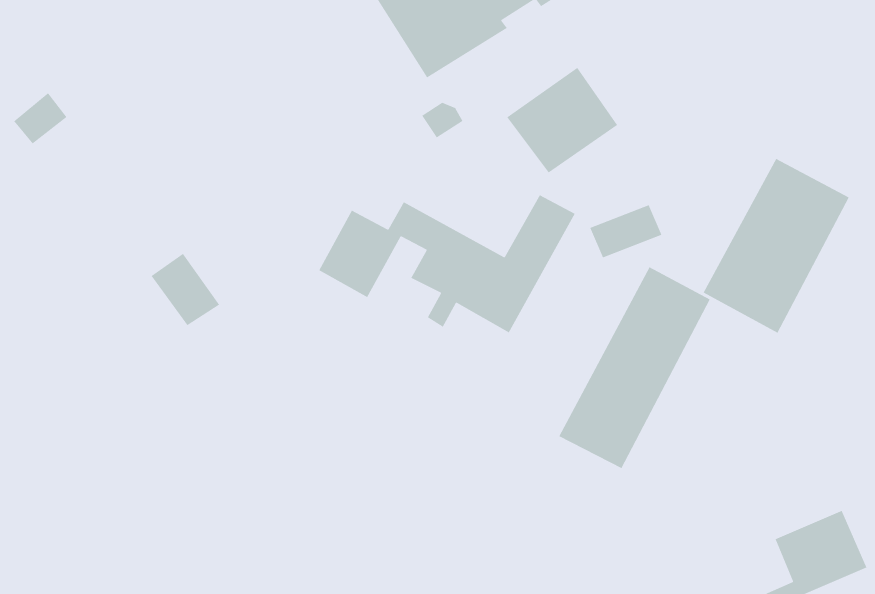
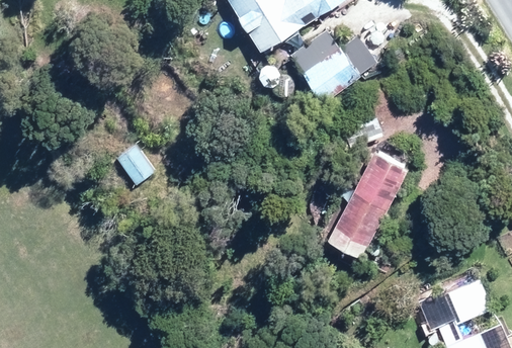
building: [703,158,850,334] -> none
building: [318,194,576,333] -> none

